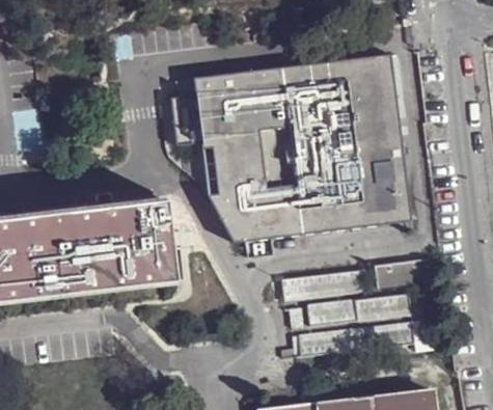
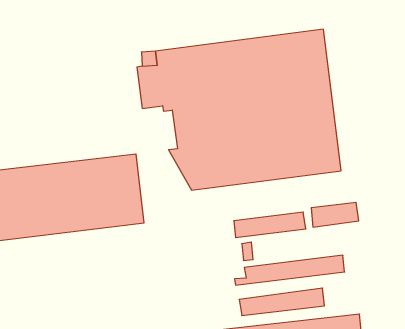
building: [310,291,411,323] -> [239,288,324,315]

